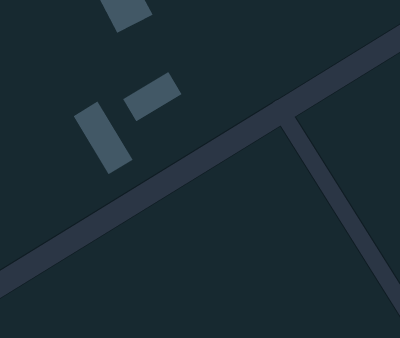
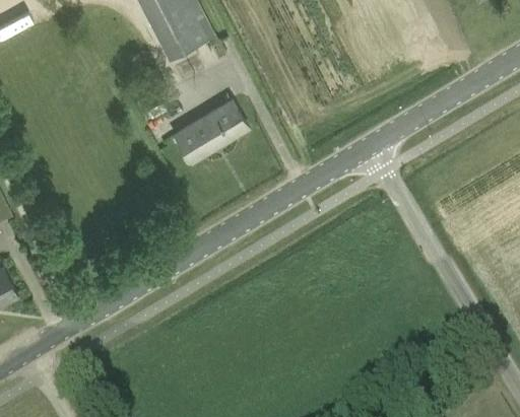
building: [73,101,133,175] -> none

